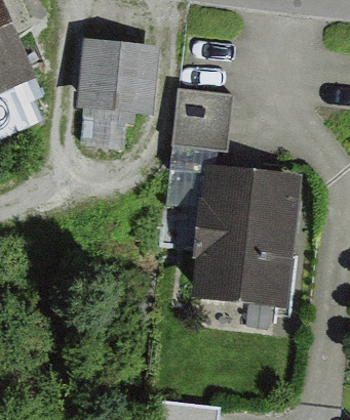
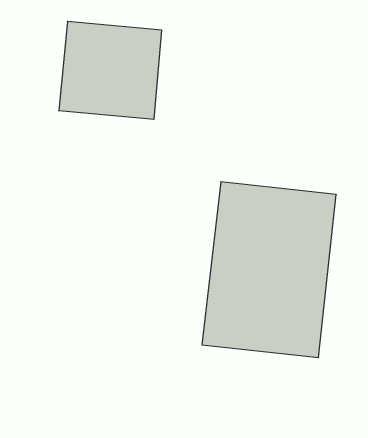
building: [172,89,236,155] -> none

